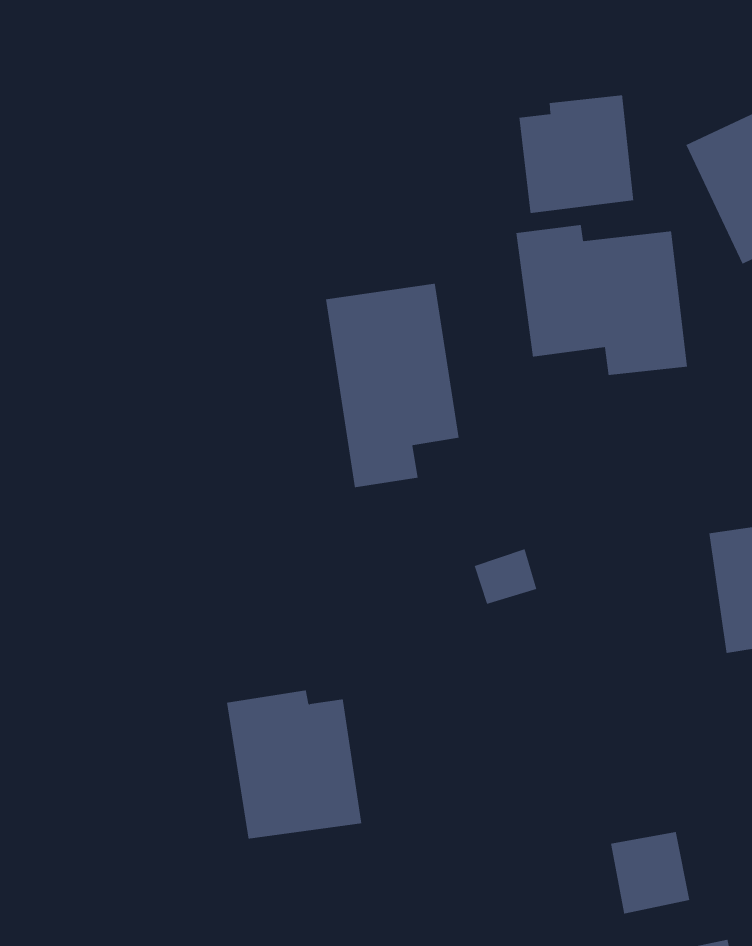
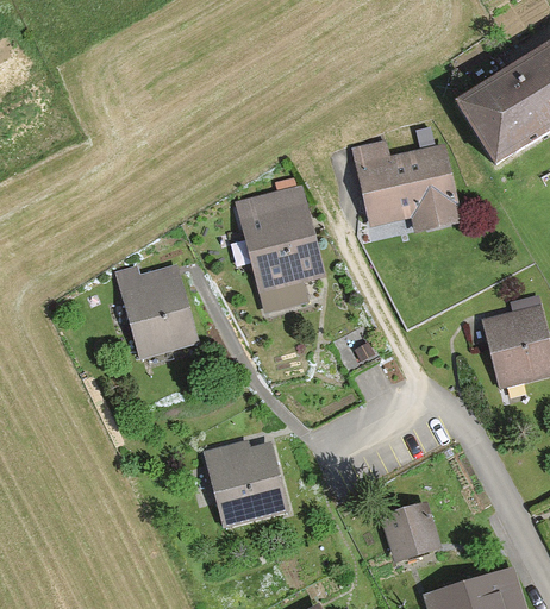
building: [519,95,634,214] -> none
building: none -> [118,264,196,357]
building: [610,832,690,914] -> [383,503,435,555]

